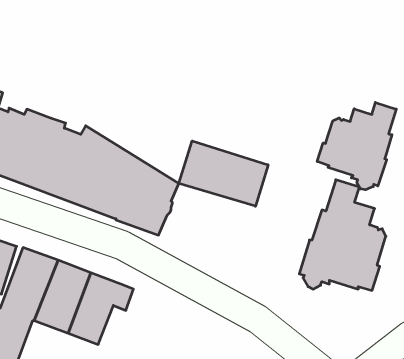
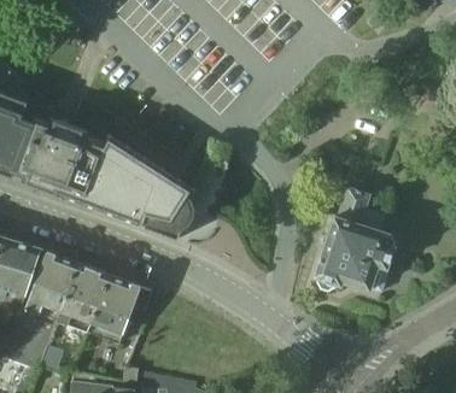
building: [317,102,396,190] -> none
building: [179,141,268,206] -> none

